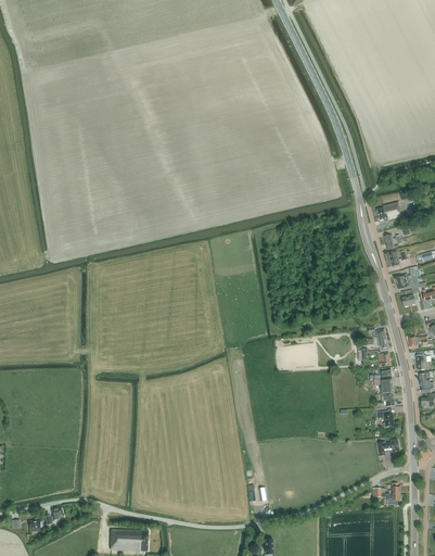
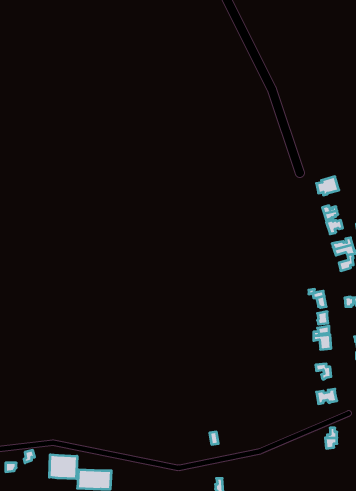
building: none -> [49,455,77,479]

